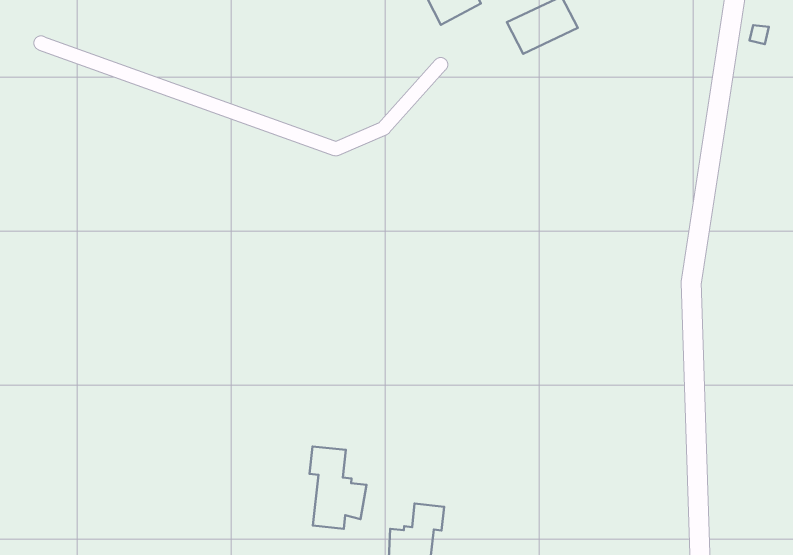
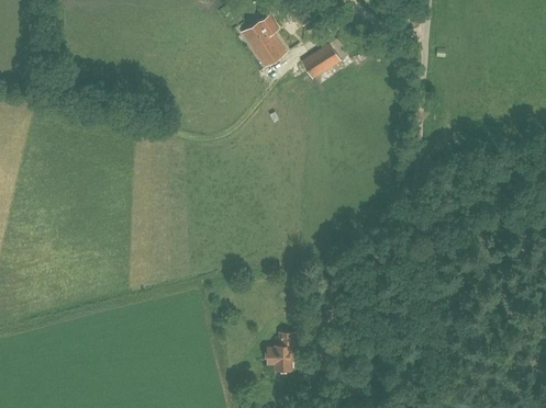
building: [310,446,366,529] -> none

